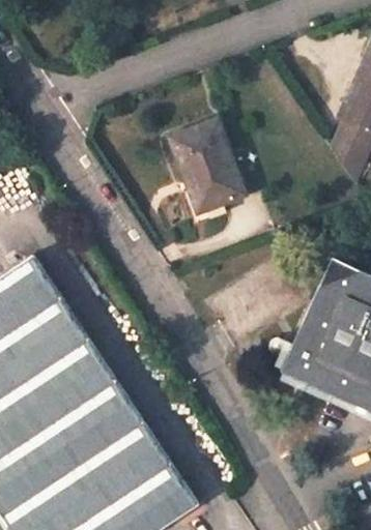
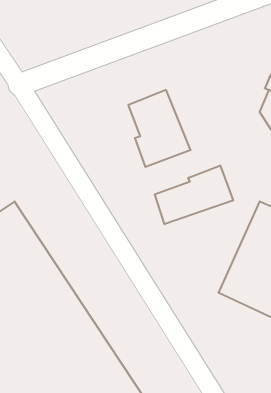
building: none -> [155,165,233,224]

